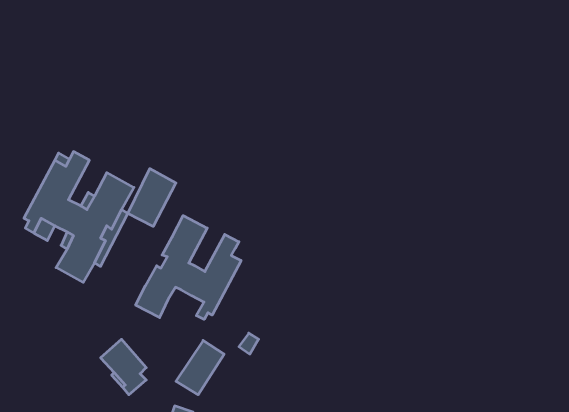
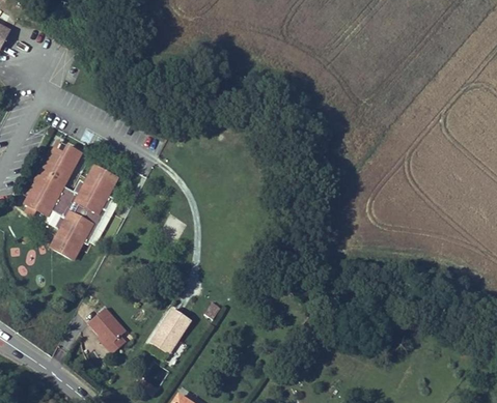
building: [128,169,176,226] -> none
building: [136,216,241,319] -> none

